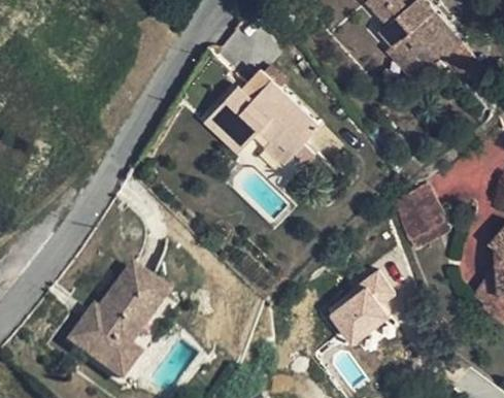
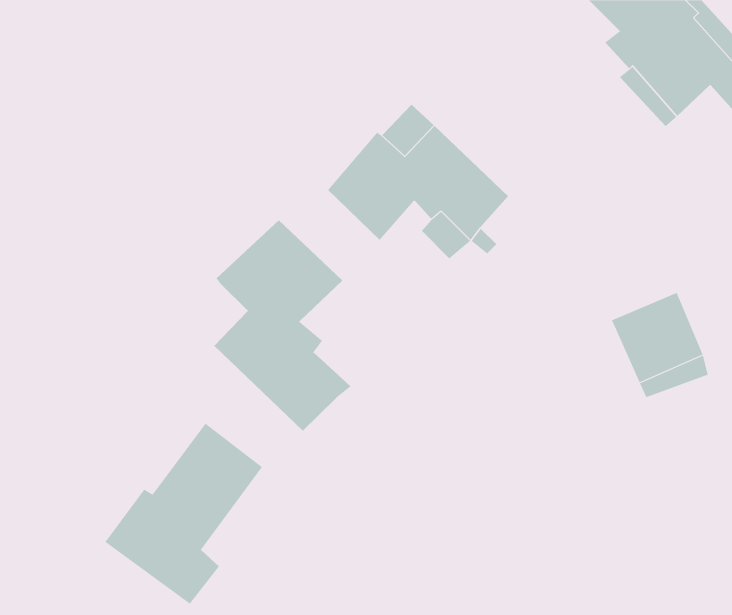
building: none -> [213,220,351,431]
building: [327,269,395,347] -> none

